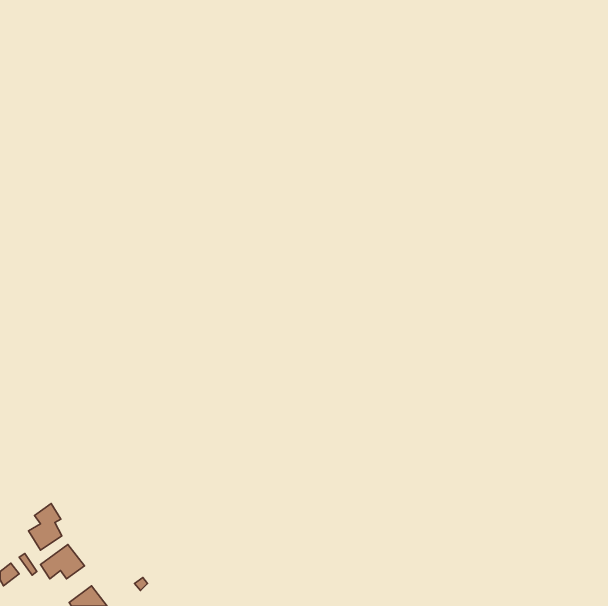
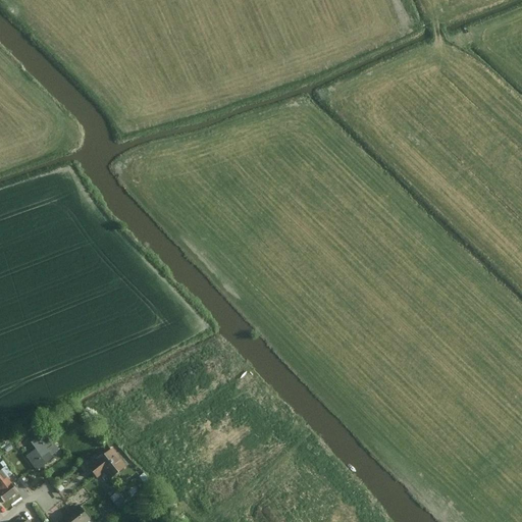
building: [40,544,84,579] -> [86,450,123,479]

